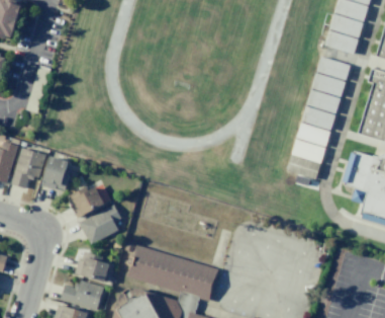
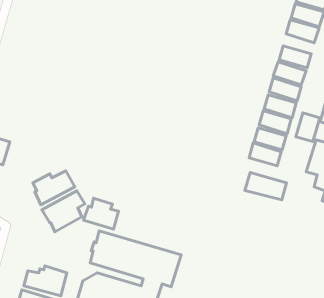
building: none -> [296,113,320,142]
building: [41,155,72,189] -> none
building: none -> [245,173,287,200]
building: [75,250,110,282] -> [83,198,118,229]

